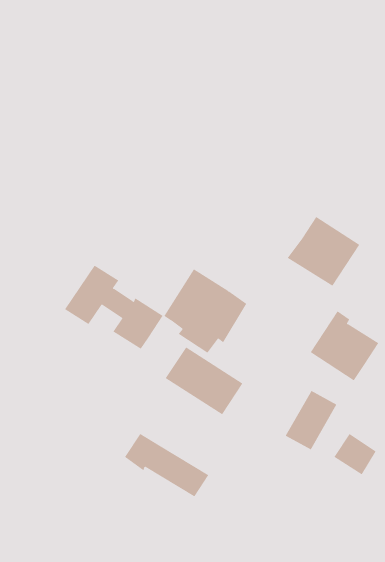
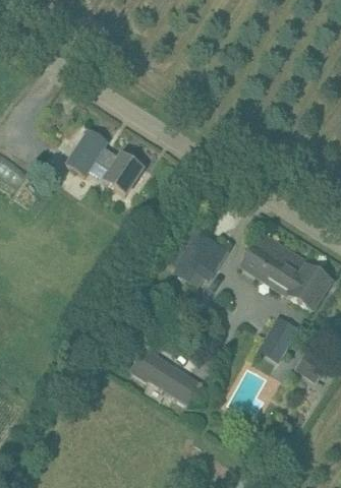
building: [287,216,360,287] -> [241,233,298,288]
building: [64,265,163,350] -> [66,129,144,195]
building: [165,347,243,415] -> none

